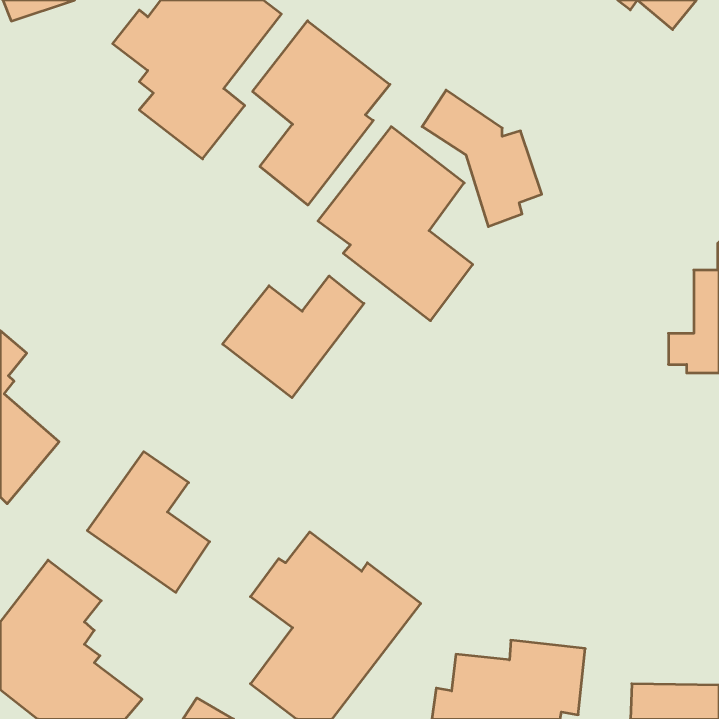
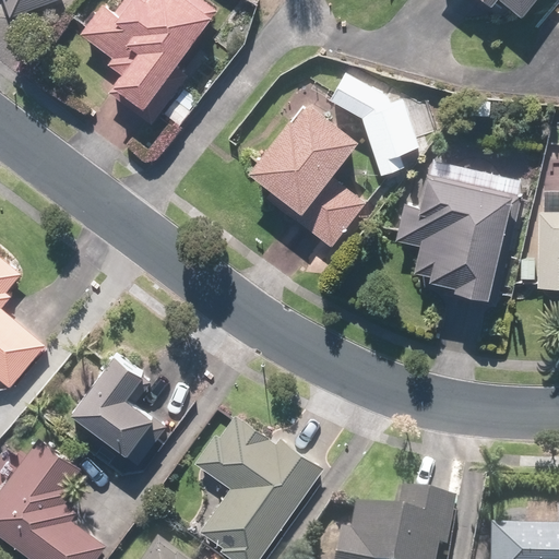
building: [253,21,390,205] -> none
building: none -> [395,177,510,300]
building: [223,276,364,398] -> none

